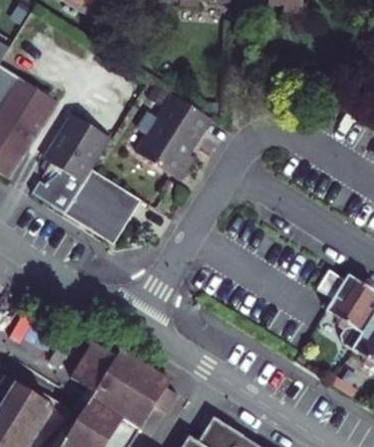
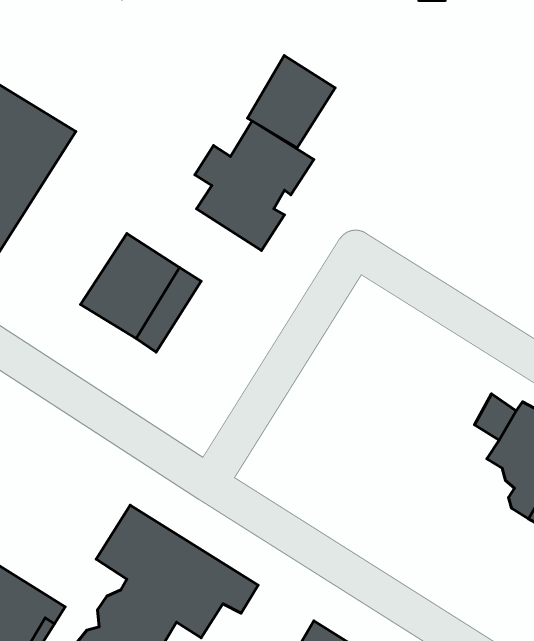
building: none -> [247,56,335,148]
building: [30,110,112,212] -> none

